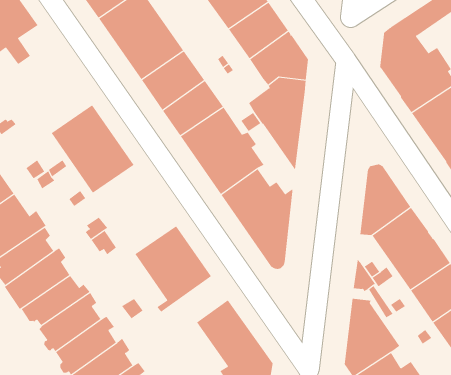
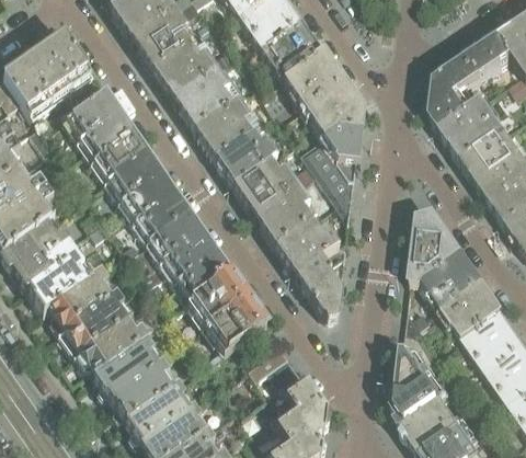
building: none -> [60,88,145,178]
building: none -> [145,209,228,298]

